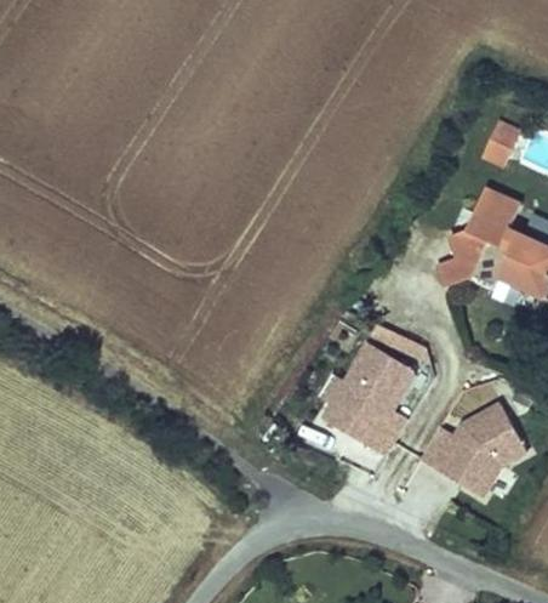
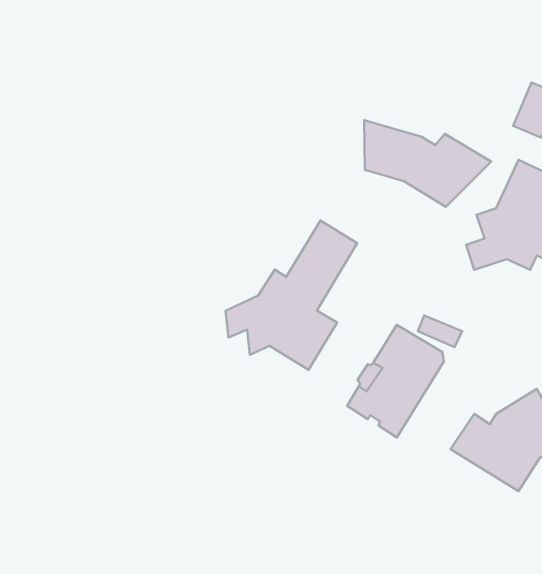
building: none -> [364,120,491,207]
building: none -> [225,220,357,370]

